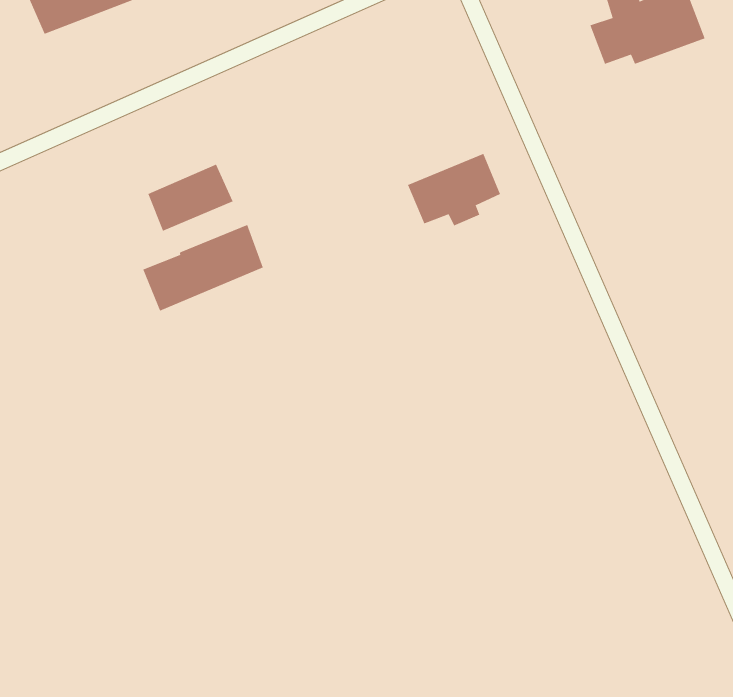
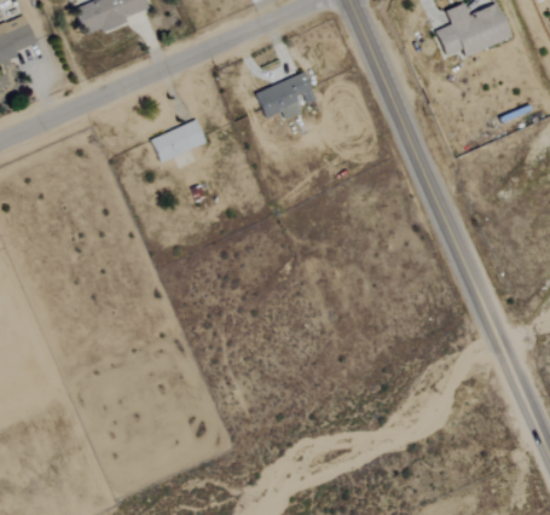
building: [407,153,501,226] -> [255,73,315,120]
building: [142,224,263,312] -> none

